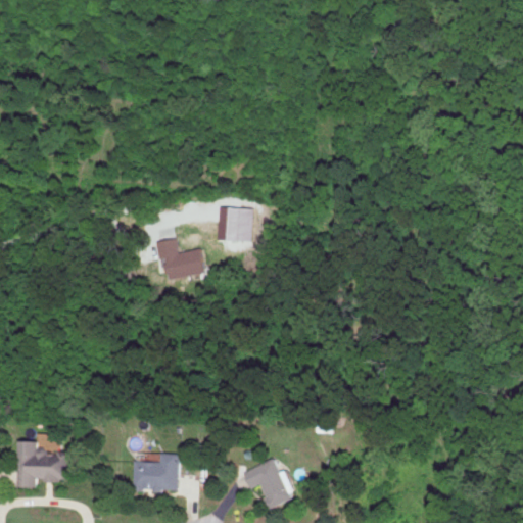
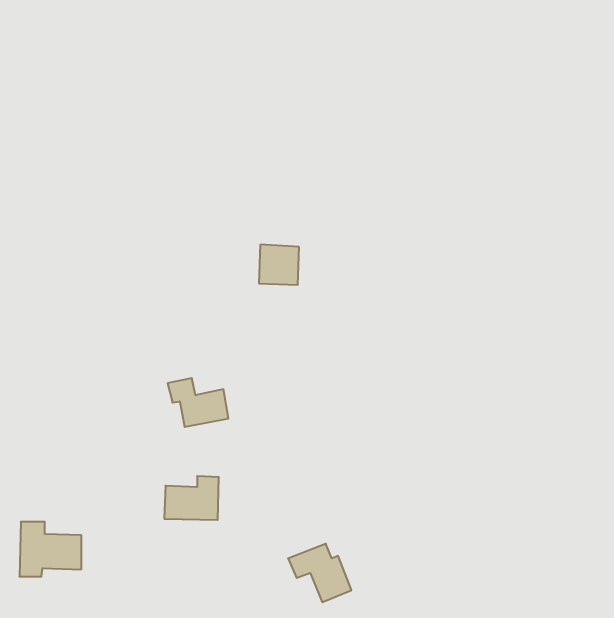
building: [154,240,205,281] -> [168,378,228,427]
building: [132,454,178,490] -> [164,476,219,520]

